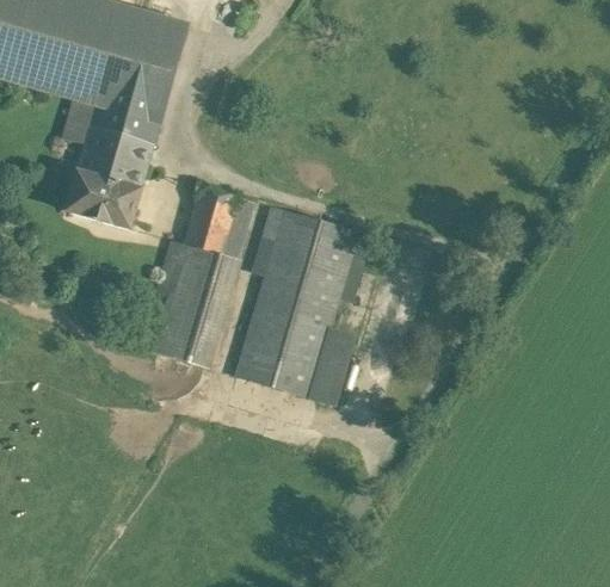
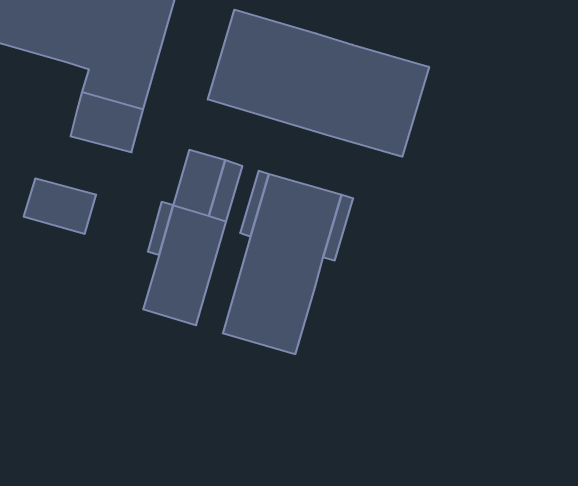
building: none -> [208,10,429,157]
building: [61,95,95,144] -> none
building: [64,172,140,229] -> [24,179,96,234]
building: [309,328,356,406] -> none

